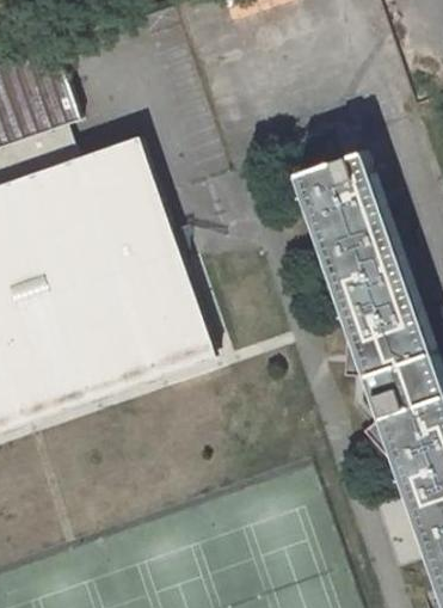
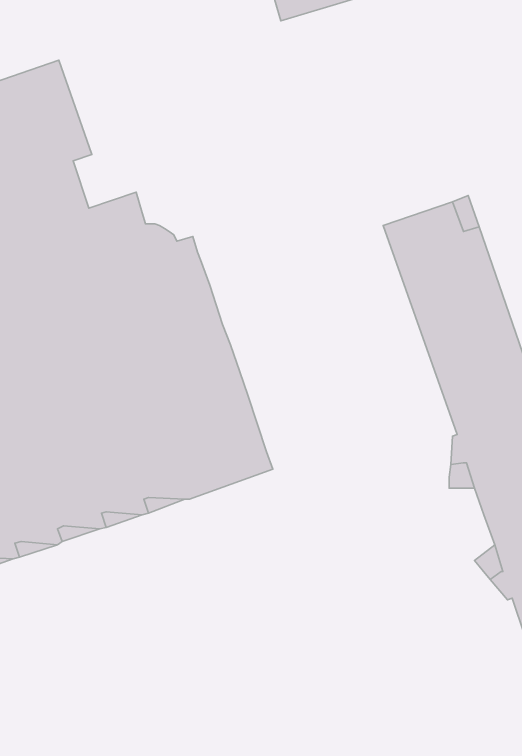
building: [107,140,150,186] -> none

